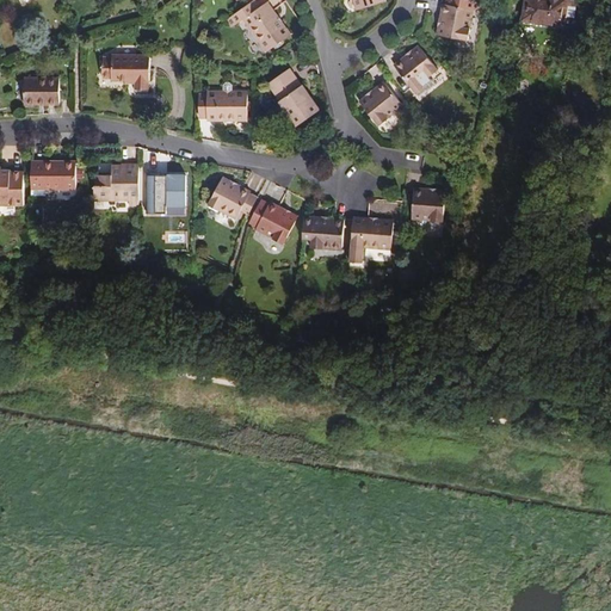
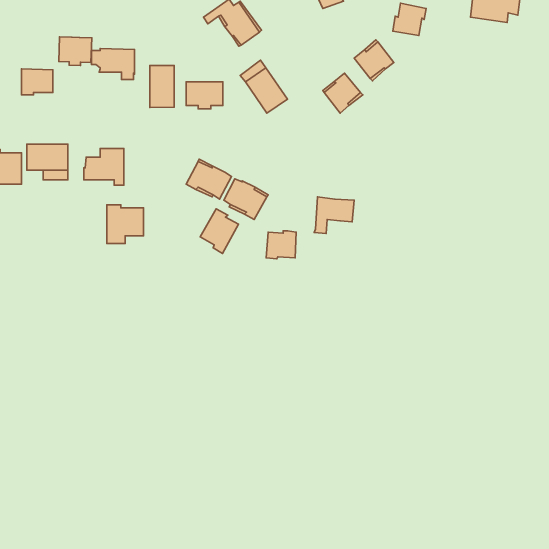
building: none -> [59,37,92,65]
building: none -> [150,65,174,107]
building: [146,171,186,214] -> [107,205,144,243]
building: [411,187,444,221] -> none
building: [309,217,342,248] -> [266,231,296,259]
building: none -> [200,209,238,254]

